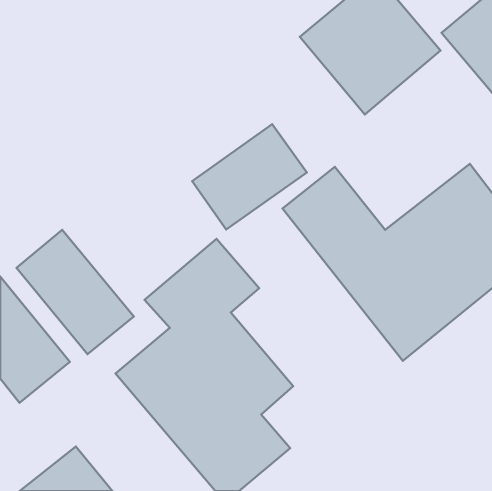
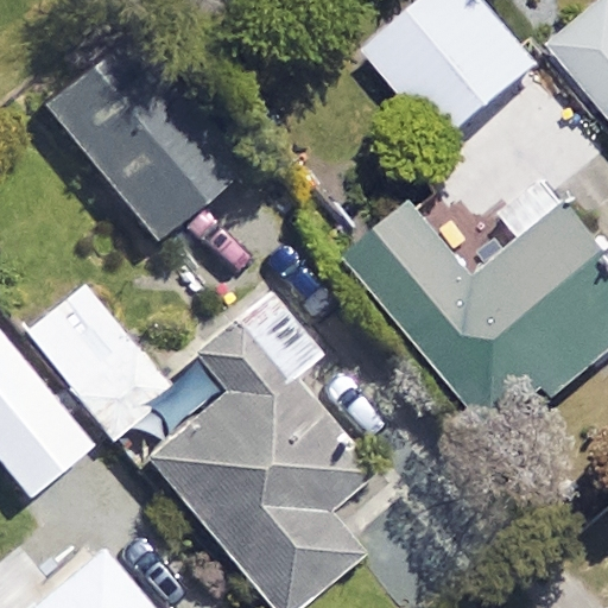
building: none -> [27,28,234,253]
building: [192,124,307,229] -> none

